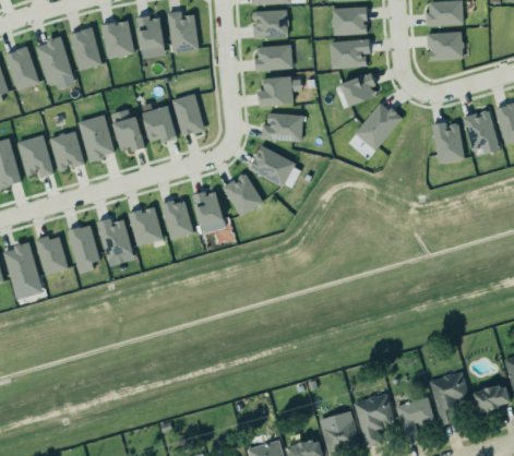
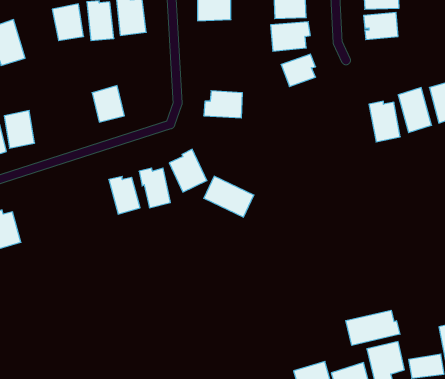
building: [70,27,103,70] -> none
building: [256,45,292,70] -> none
building: [258,75,295,107] -> none
building: [172,93,205,135] -> none
building: [355,100,404,148] -> none
building: [110,109,145,152] -> none
building: [79,115,115,163] -> none
building: [250,146,302,189] -> [204,176,254,217]
building: [130,207,163,245] -> none
building: [97,218,133,260] -> none
building: [68,224,100,274] -> none
building: none -> [346,310,400,345]

